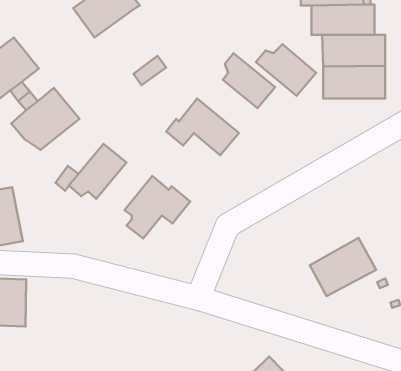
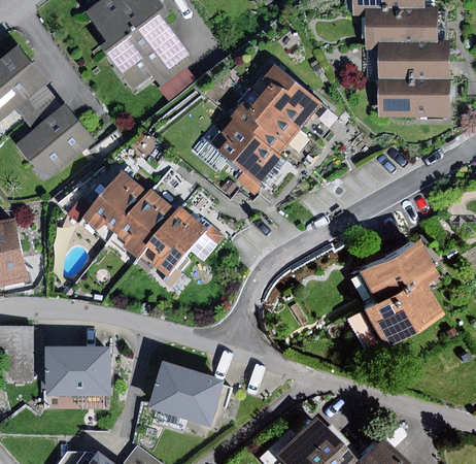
building: none -> [104,11,185,89]
building: [256,44,316,96] -> [230,95,300,155]
building: none -> [113,188,176,259]
building: none -> [355,238,433,304]
building: none -> [39,346,110,396]
building: none -> [148,361,225,428]

